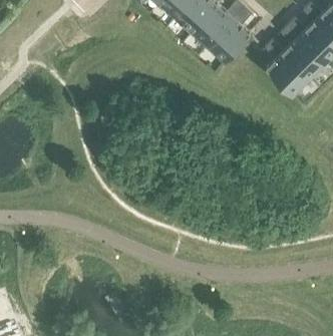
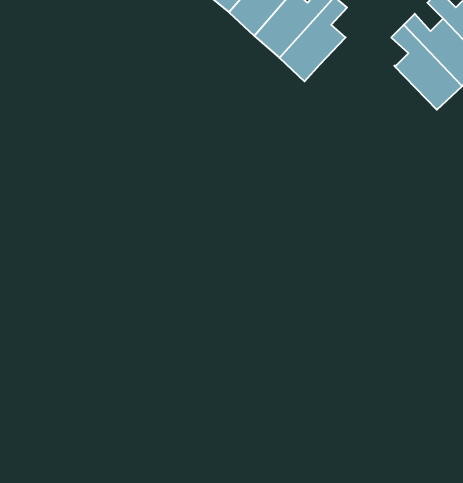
building: [267,37,311,91] -> none

